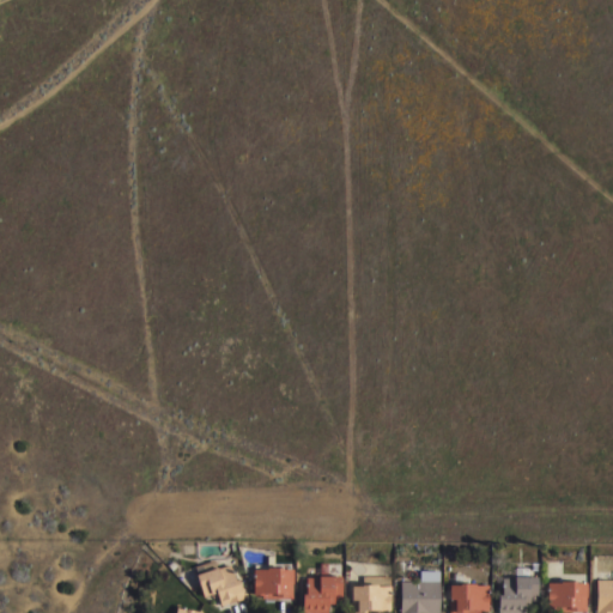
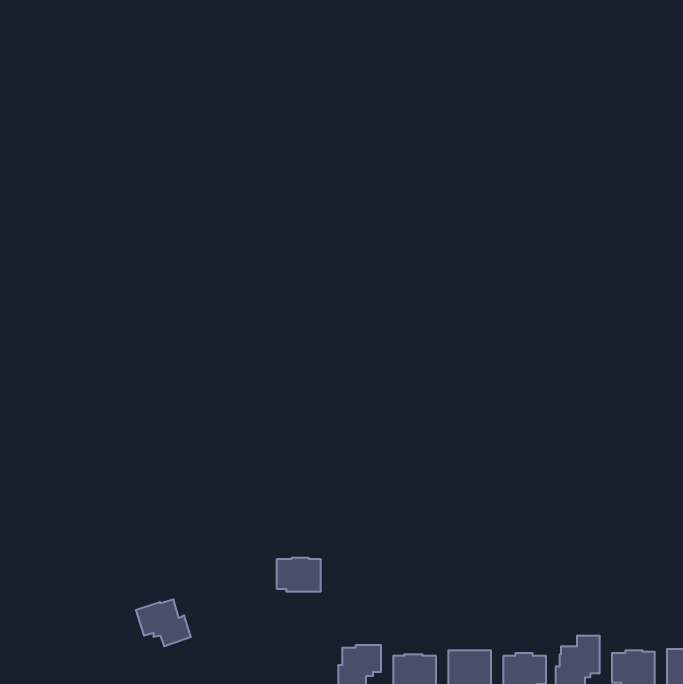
building: [198,565,247,607] -> [136,599,191,646]
building: [255,569,295,599] -> [277,558,321,591]

